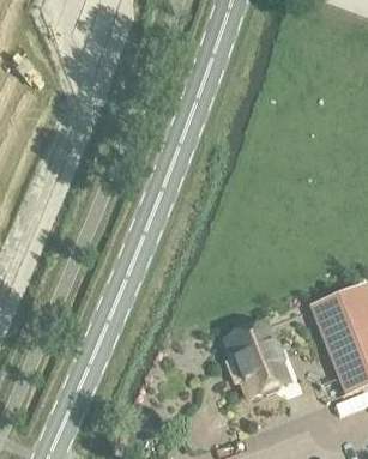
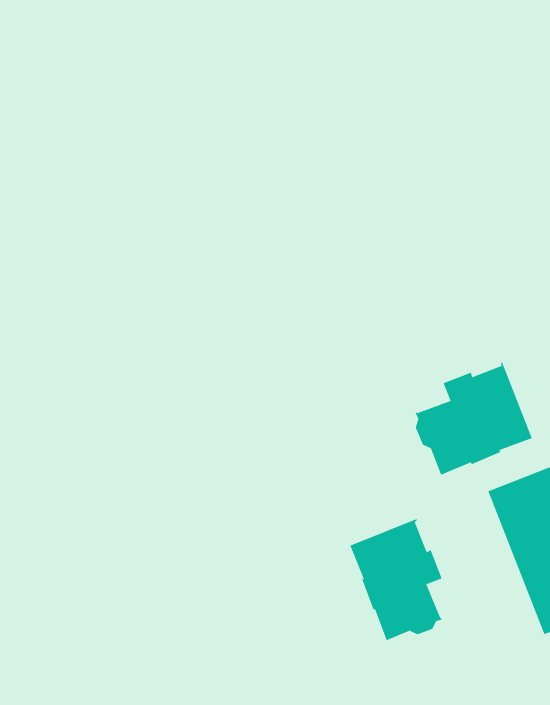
building: none -> [415,361,532,476]

